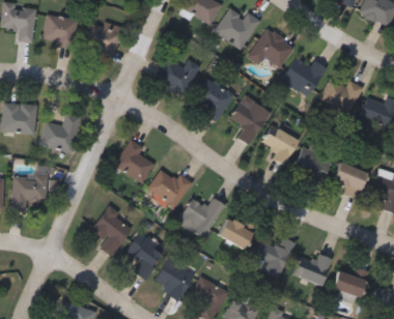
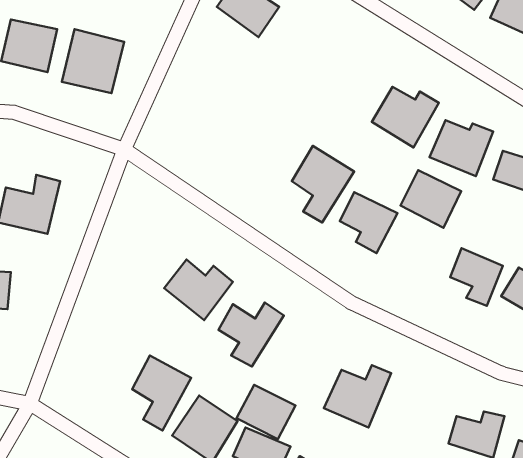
building: [214,7,259,49] -> none
building: [248,28,293,67] -> none
building: [153,58,199,96] -> none
building: [191,78,233,119] -> none
building: [114,140,153,183] -> none
building: [292,146,332,183] -> [400,170,461,228]
building: [91,206,134,256] -> none
building: [218,213,256,249] -> [236,385,296,439]
building: [292,253,333,286] -> none

